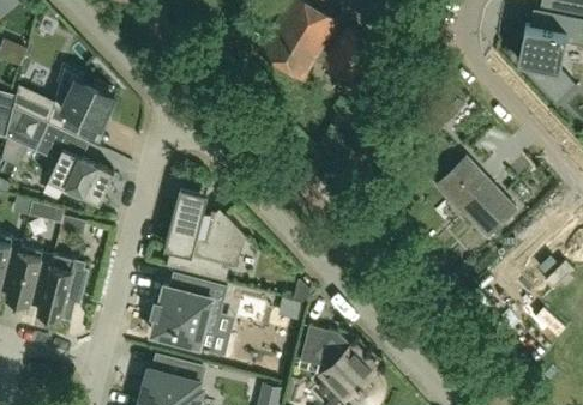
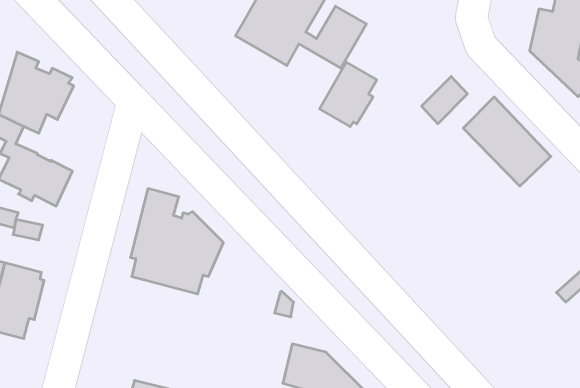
building: none -> [320,62,377,127]
building: [438,156,516,235] -> [463,97,551,186]
building: [151,278,226,346] -> none

